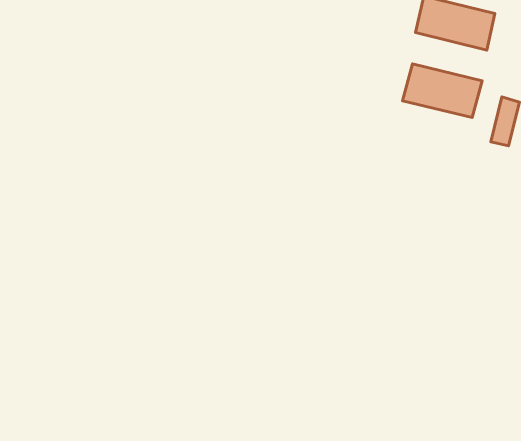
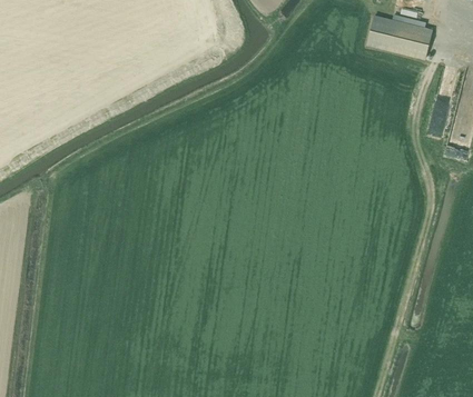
building: [403,64,482,118] -> none

